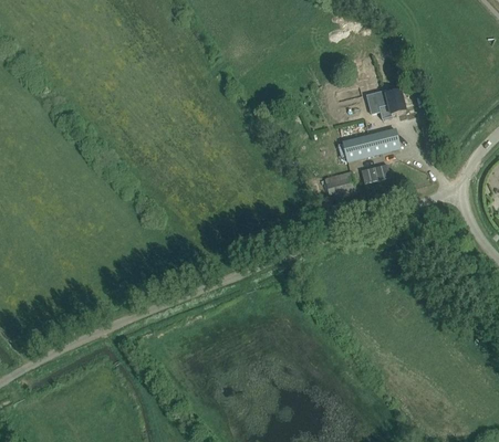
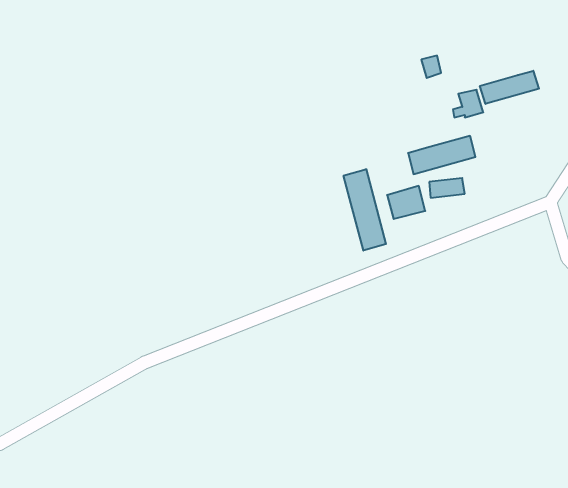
building: none -> [480,71,539,104]
building: none -> [344,169,386,251]

